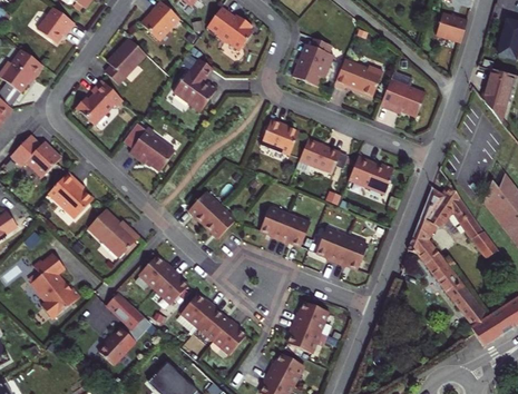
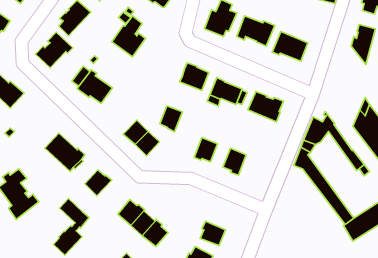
building: [48,173,92,218] -> none
building: [261,207,290,240] -> [160,106,182,132]
building: [336,237,368,269] -> none
building: [155,269,188,304] -> none
building: [294,303,329,333] -> none

